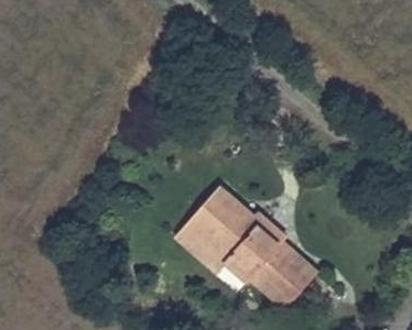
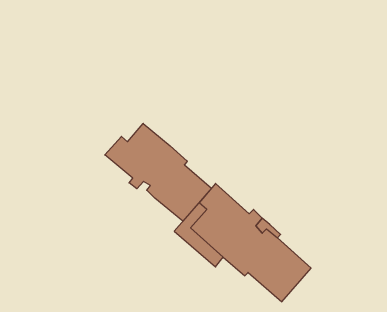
building: none -> [105,123,211,221]

